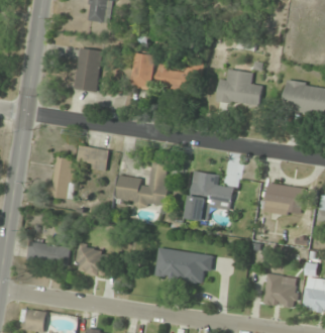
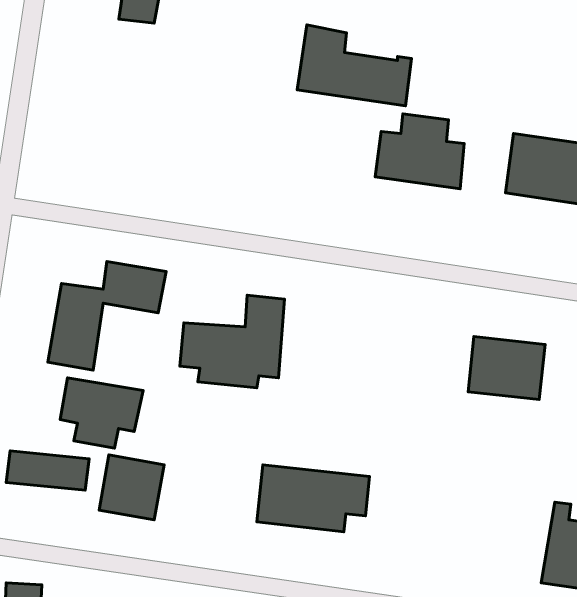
building: [73,47,100,92] -> none
building: [132,52,191,94] -> [297,25,411,106]
building: [185,172,234,223] -> none
building: none -> [60,378,143,448]
building: [261,273,297,310] -> none

